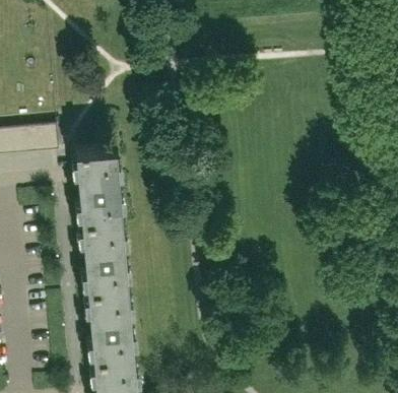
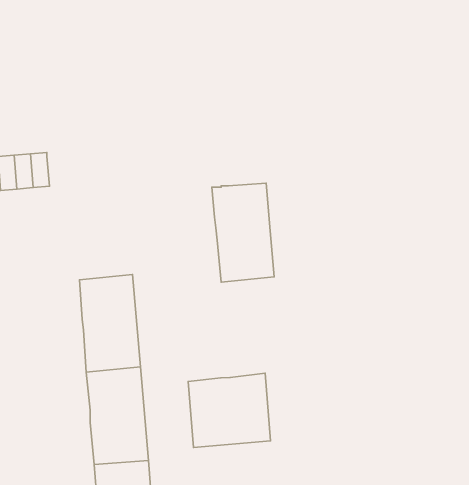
building: [75,148,122,222] -> [212,183,274,282]
building: none -> [188,373,270,448]

